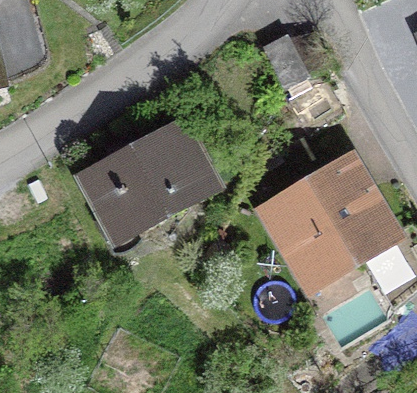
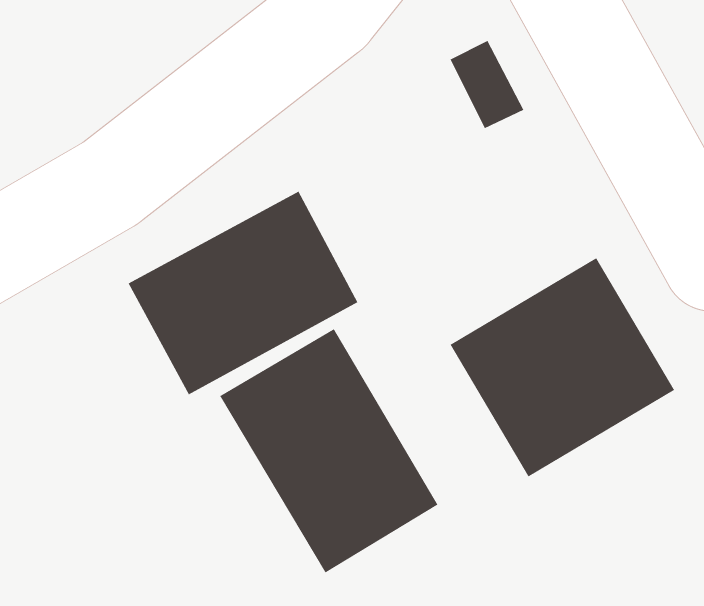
building: none -> [219,328,438,574]

